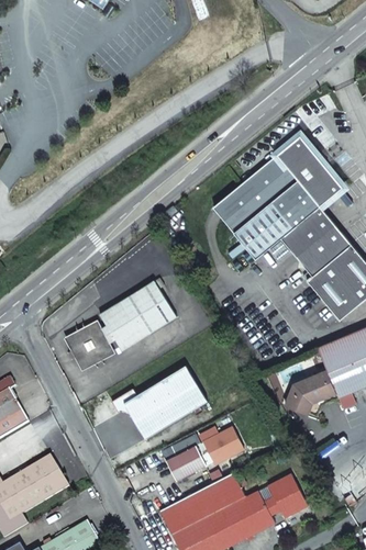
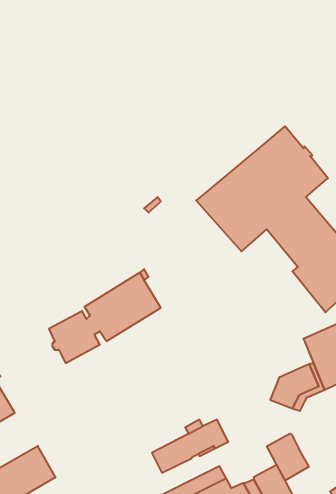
building: [110,366,207,439] -> none
building: none -> [267,434,309,480]

